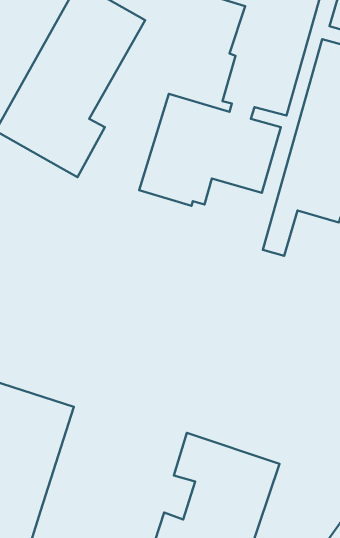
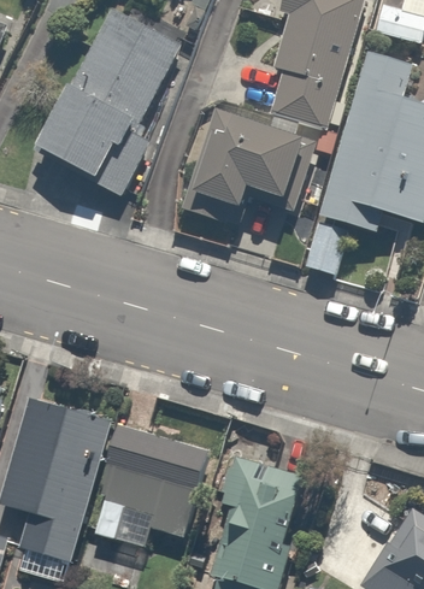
building: none -> [81,424,214,544]

